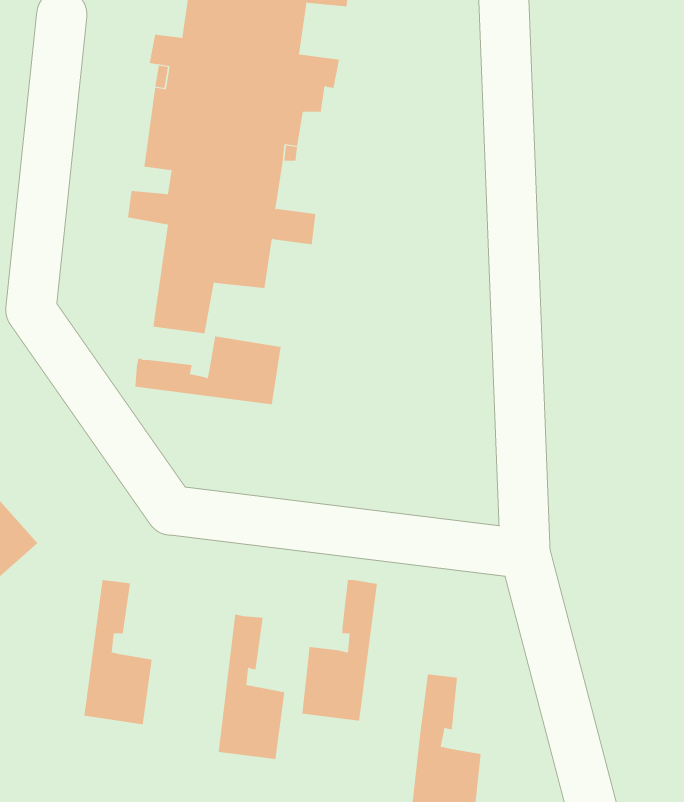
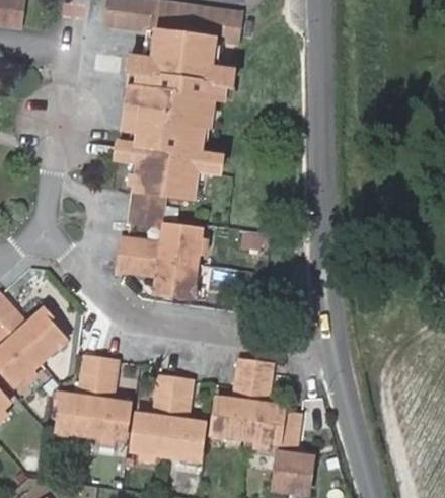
building: none -> [117,253,197,297]
building: none -> [57,357,101,436]
building: none -> [245,362,284,444]
building: none -> [132,377,175,456]

